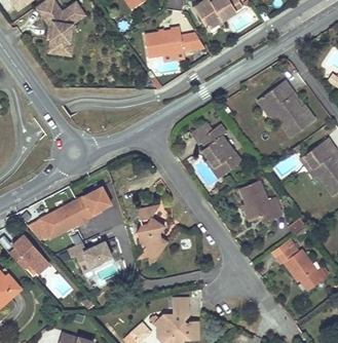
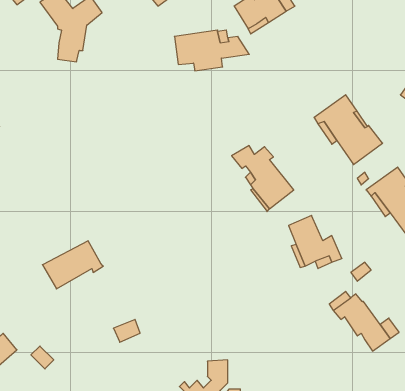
building: [76,185,111,218] -> none
building: [139,204,170,268] -> none
building: [9,233,50,273] -> none
building: [67,240,112,272] -> none

